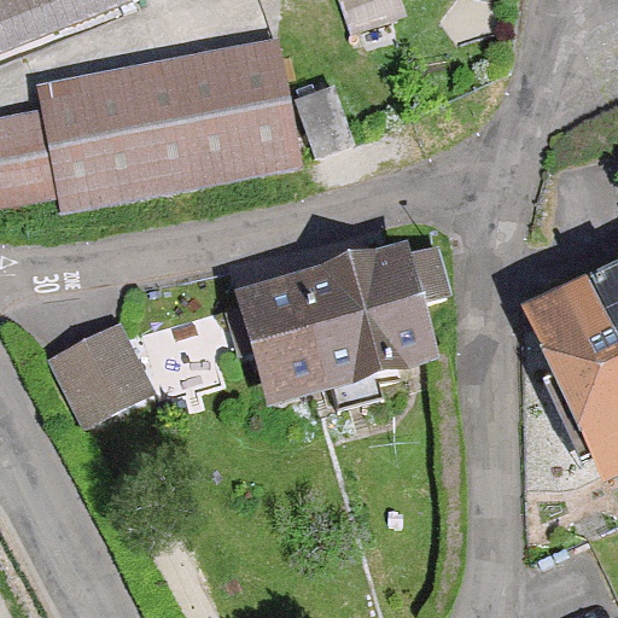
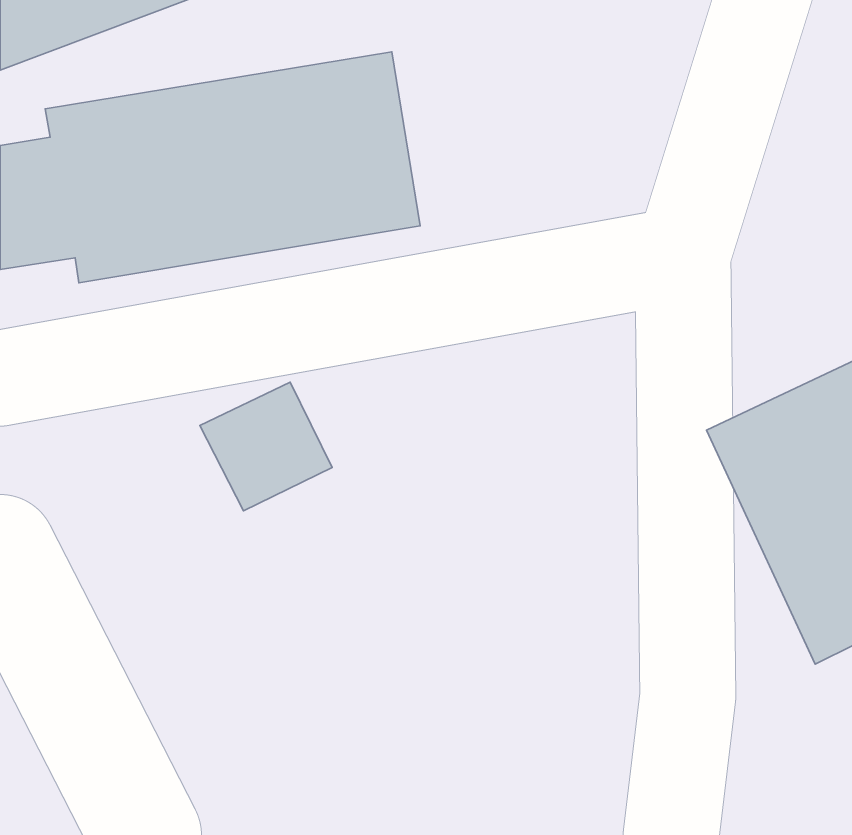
building: [237,239,455,408] -> none
building: [52,325,147,418] -> [200,382,332,511]

